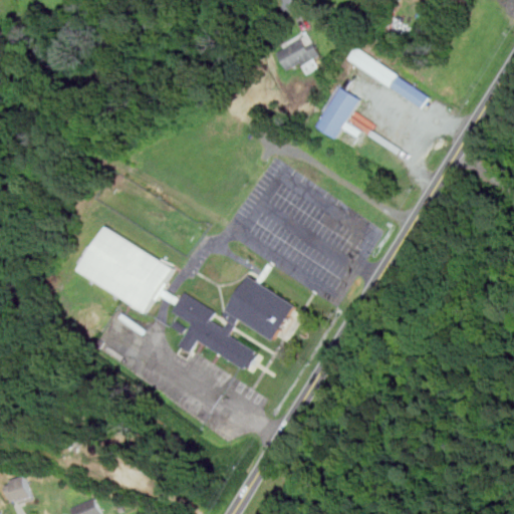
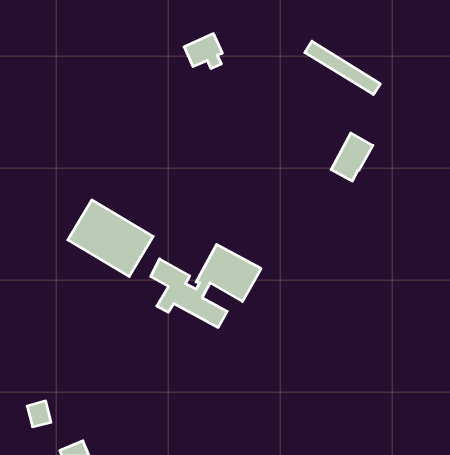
building: [274,34,317,73] -> [184,34,222,68]
building: [311,84,358,139] -> [331,133,373,181]
building: [4,476,31,505] -> [27,401,51,427]

